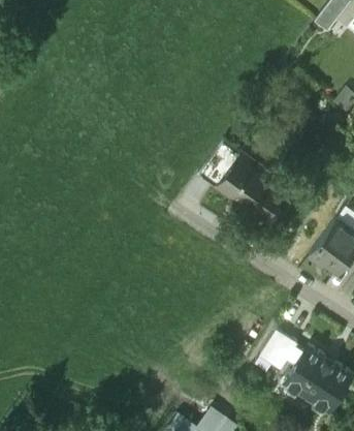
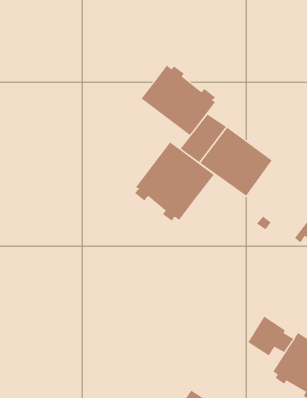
building: none -> [141,65,216,136]
building: none -> [134,141,214,222]

